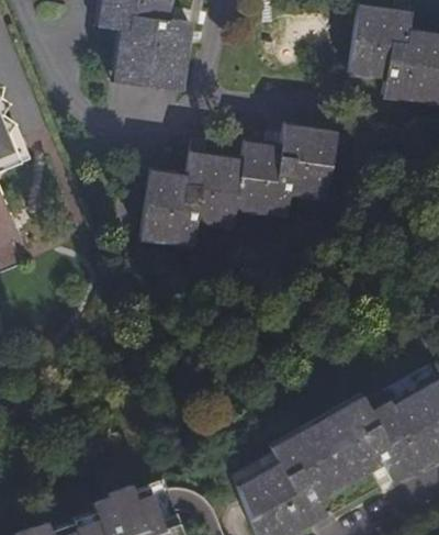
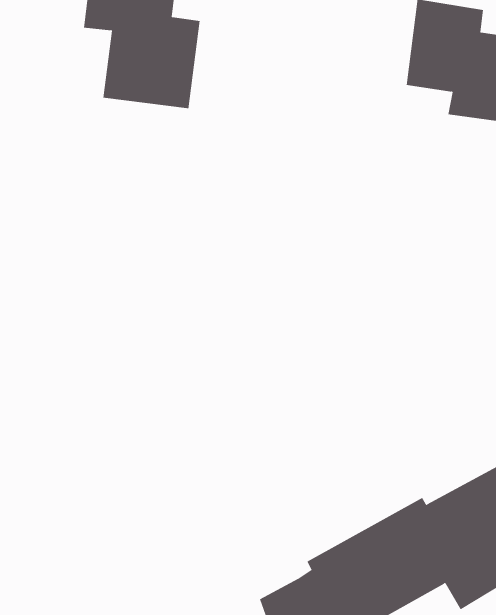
building: [142,123,337,246] -> none

